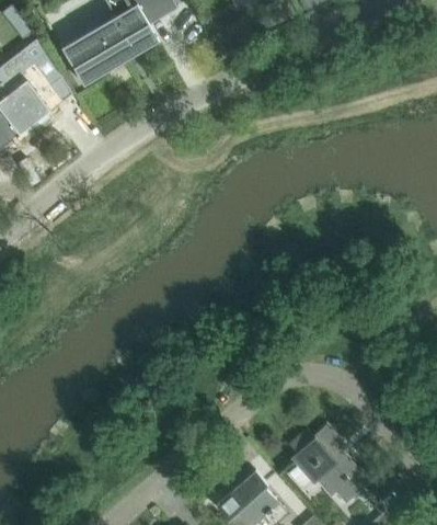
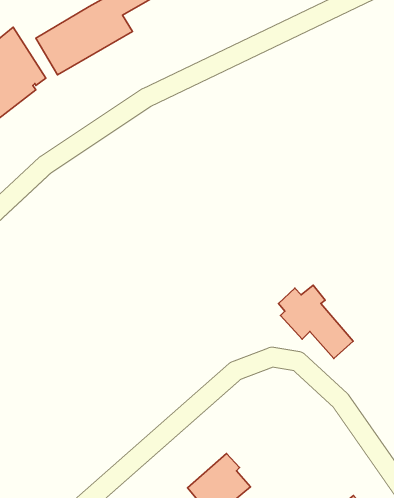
building: [290,426,366,501] -> [278,285,353,359]

